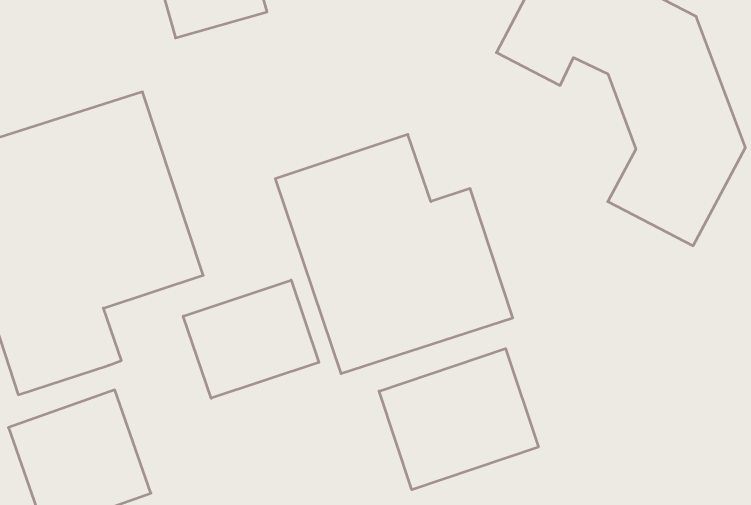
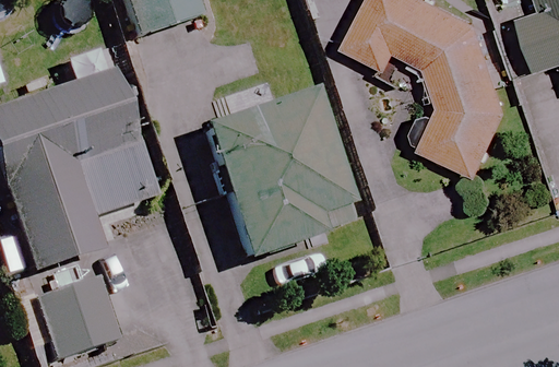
building: [183,280,319,398] -> none
building: [379,349,538,490] -> none

